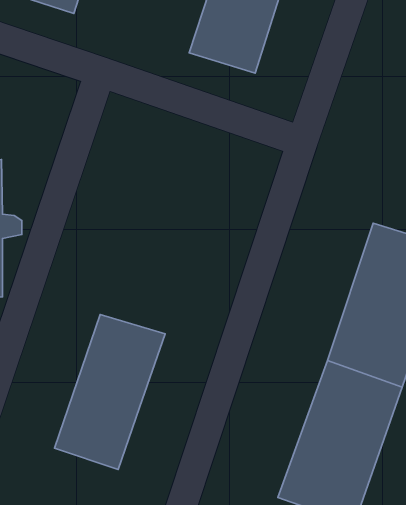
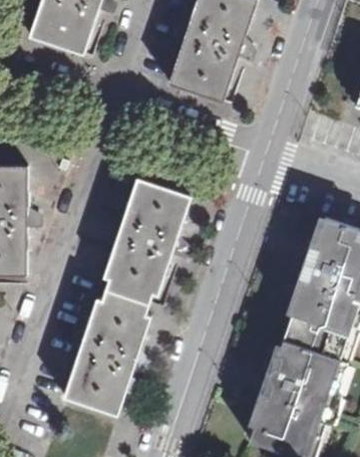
building: none -> [103,179,191,304]

